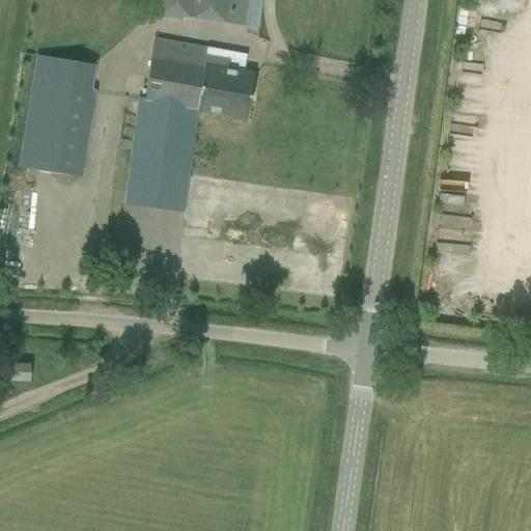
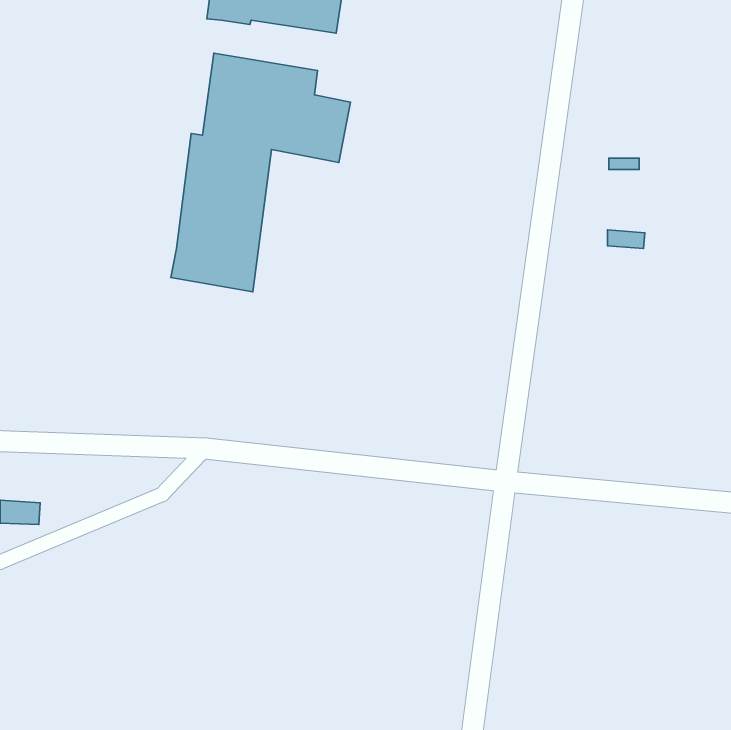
building: [20,56,93,175] -> none

